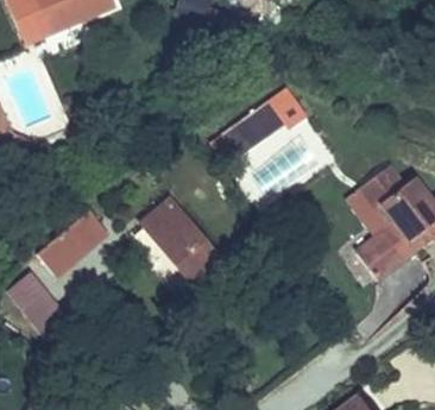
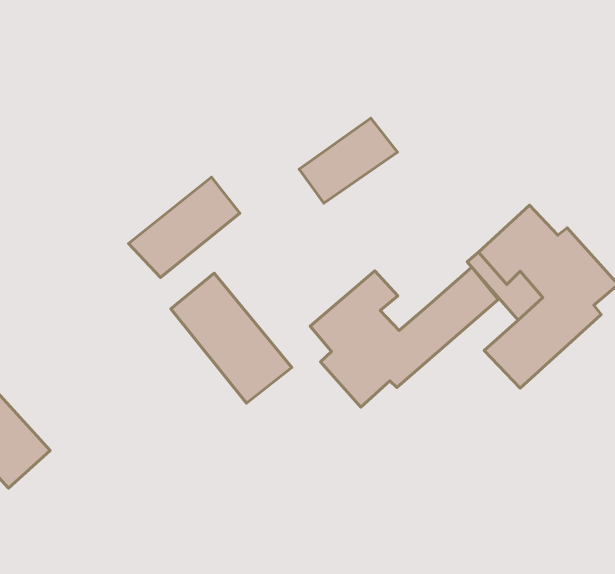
building: none -> [310,267,498,407]
building: [49,213,119,276] -> [129,177,240,277]

